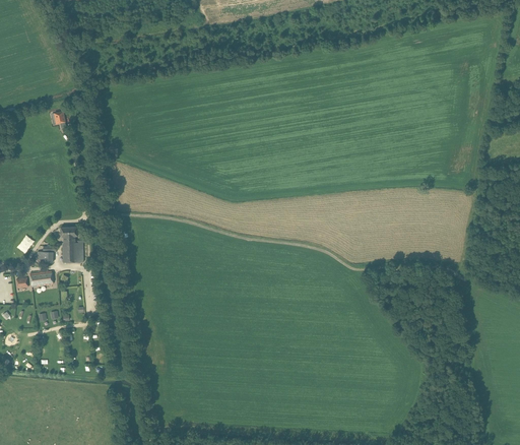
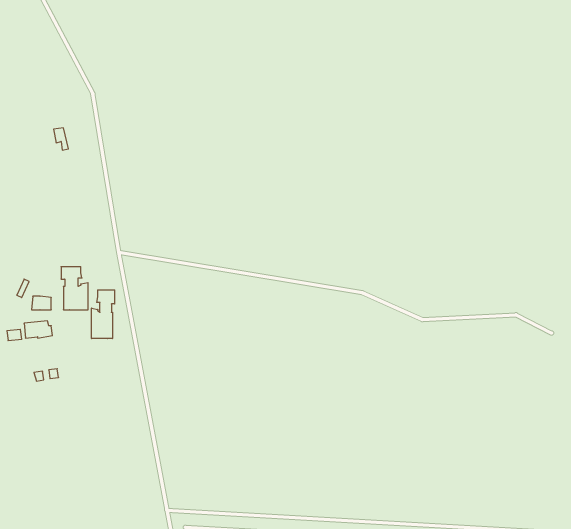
building: none -> [92,290,115,339]

